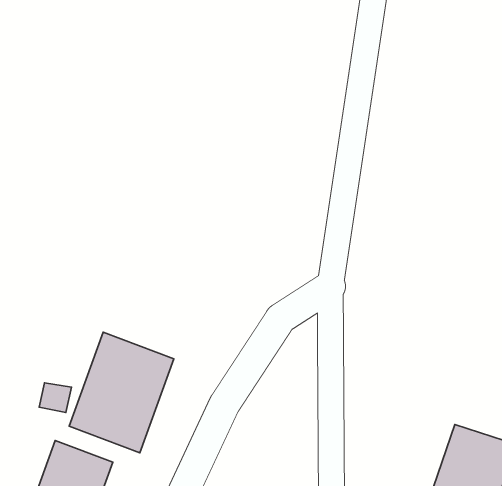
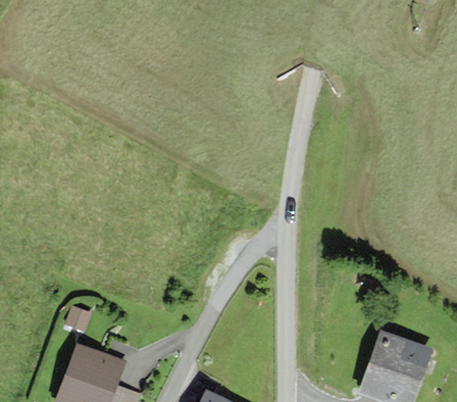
building: [69,332,174,453] -> none

